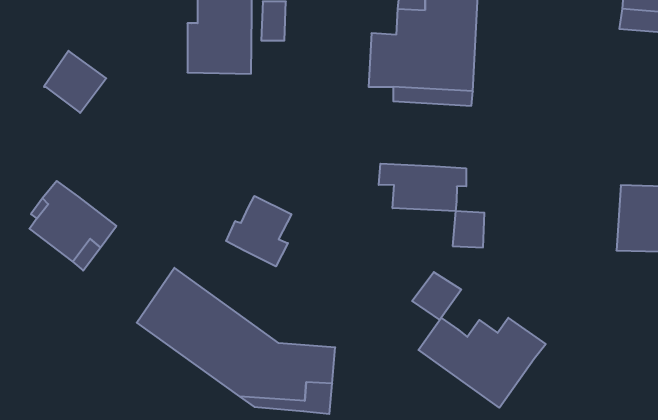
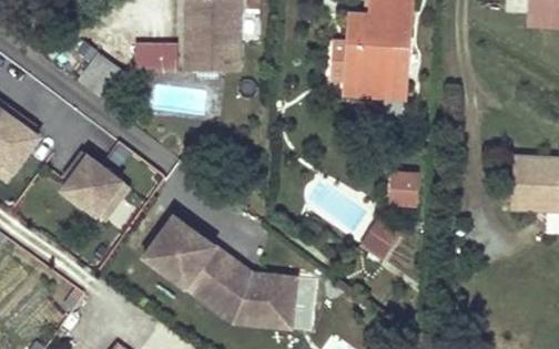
building: none -> [138,43,179,74]
building: [379,164,466,211] -> none
building: [226,196,291,266] -> none
building: [418,318,546,408] -> none

